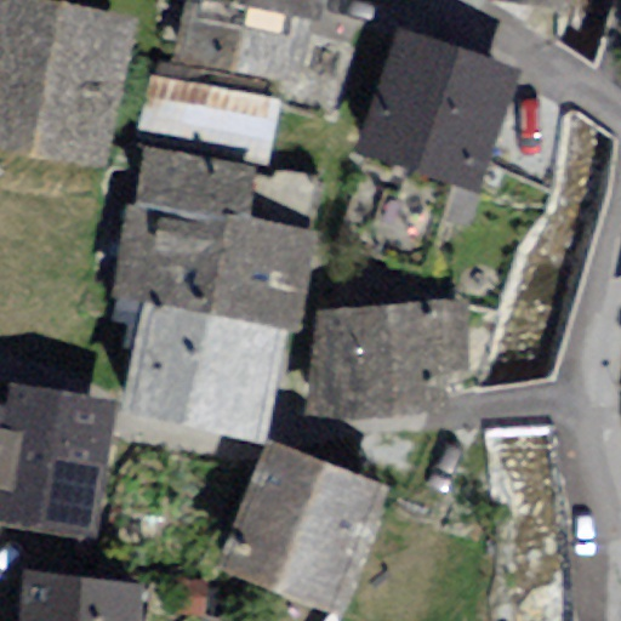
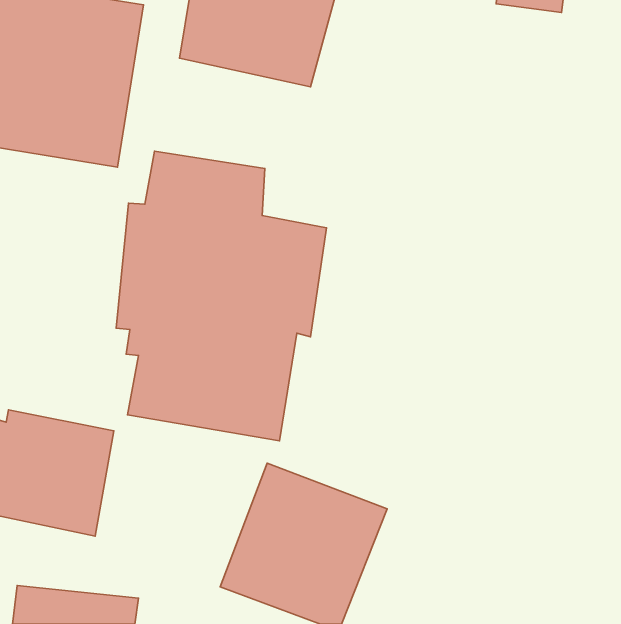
building: [355,25,526,188] -> none
building: [135,73,278,159] -> none
building: [312,296,471,414] -> none

